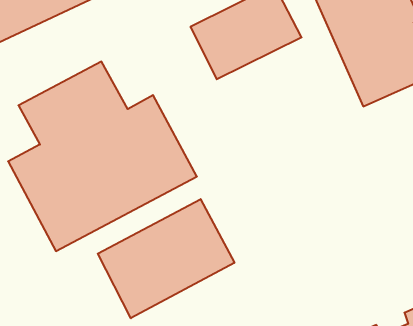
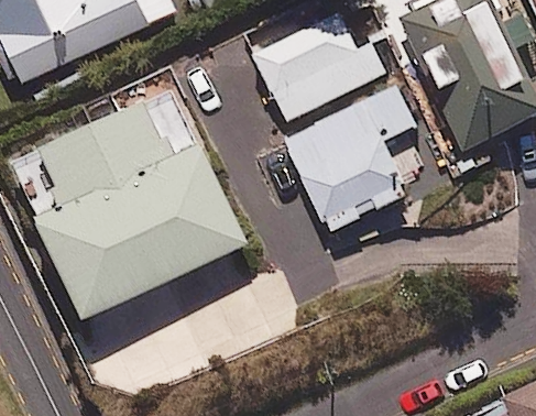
building: none -> [283,88,413,233]
building: [98,199,234,318] -> none

